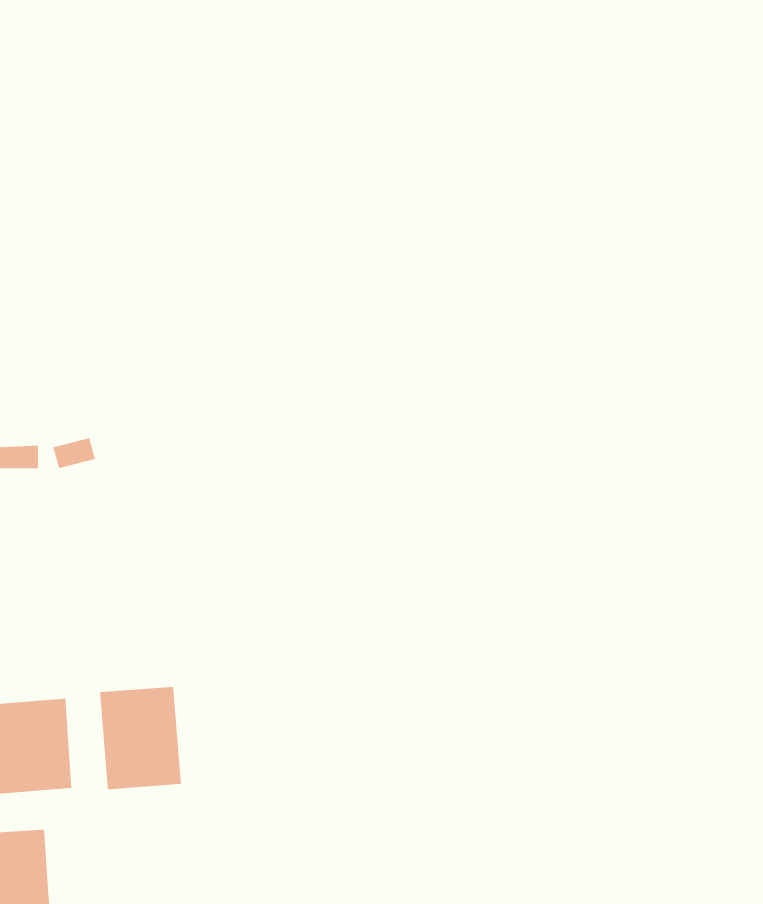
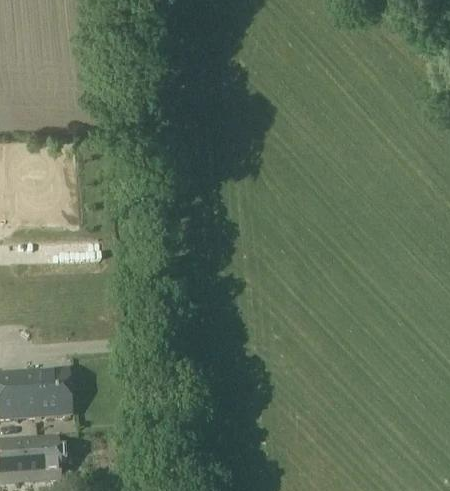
building: [99,686,182,790] -> none

